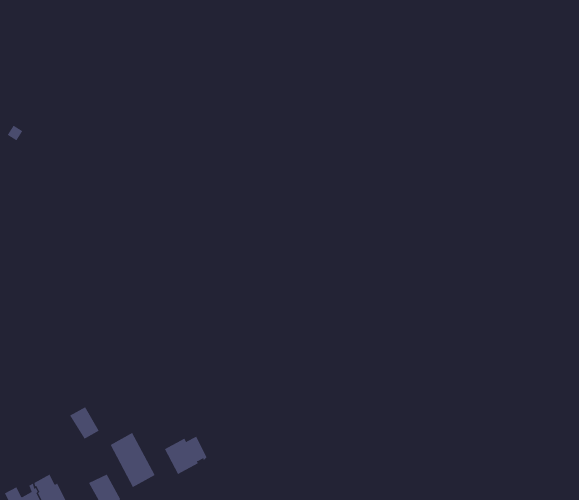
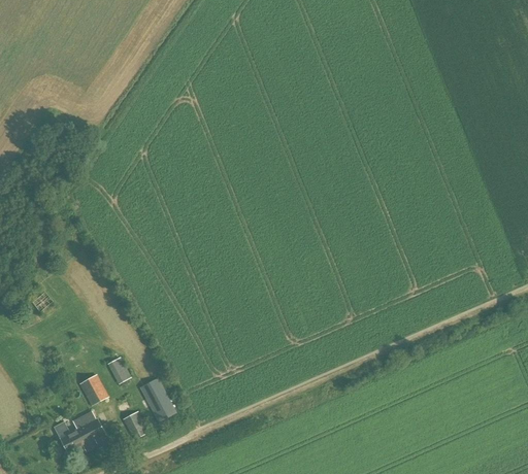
building: none -> [79,374,108,405]
building: [164,436,207,475] -> none

